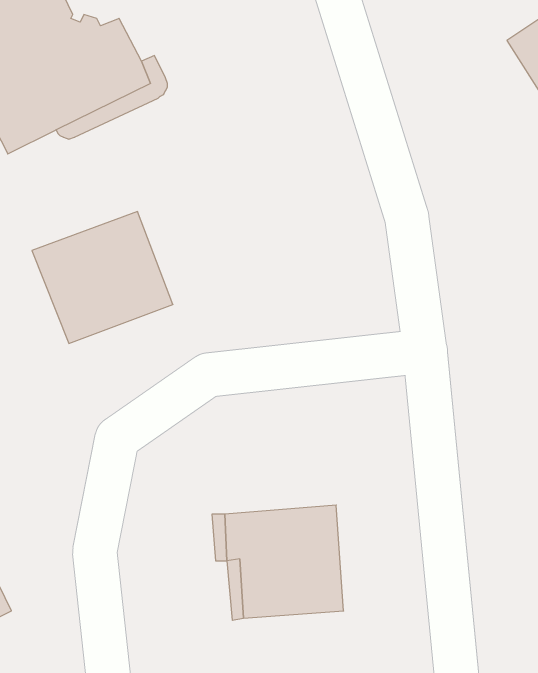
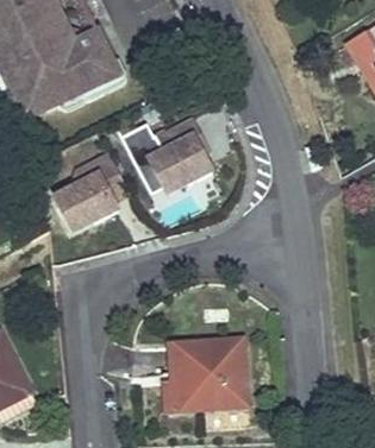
building: none -> [121,114,219,206]

